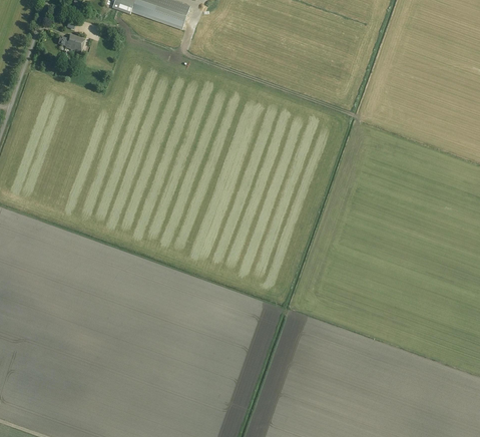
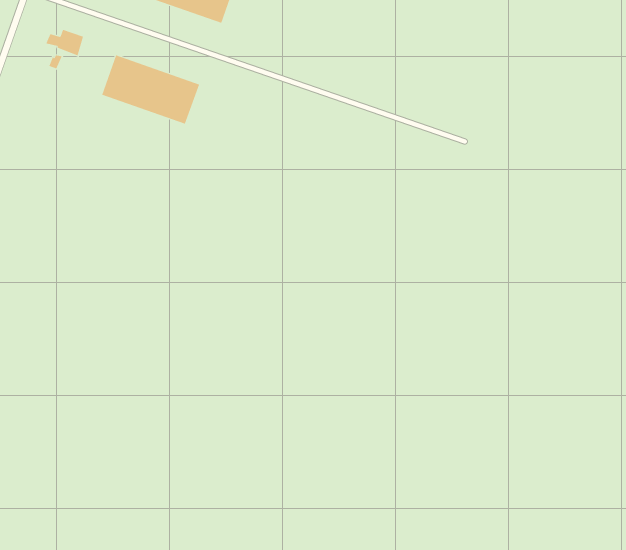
building: none -> [102,55,200,125]

